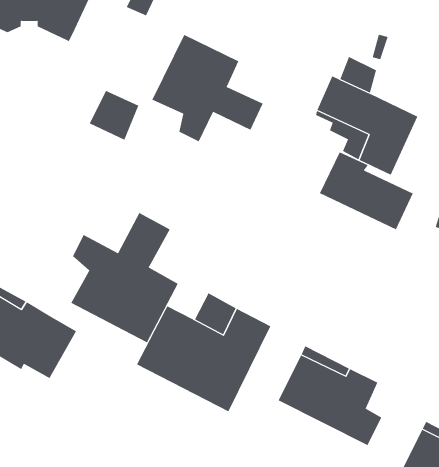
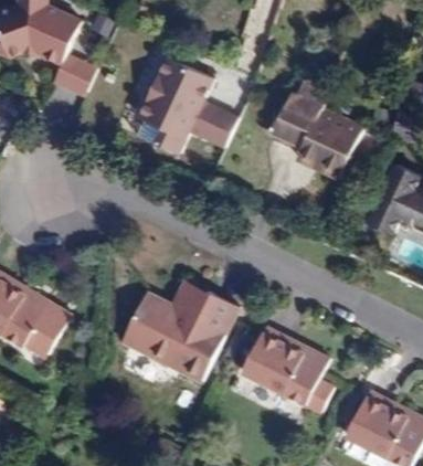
building: [89,90,139,140] -> [54,54,97,97]
building: [319,152,413,230] -> none
building: [70,212,179,343] -> none

